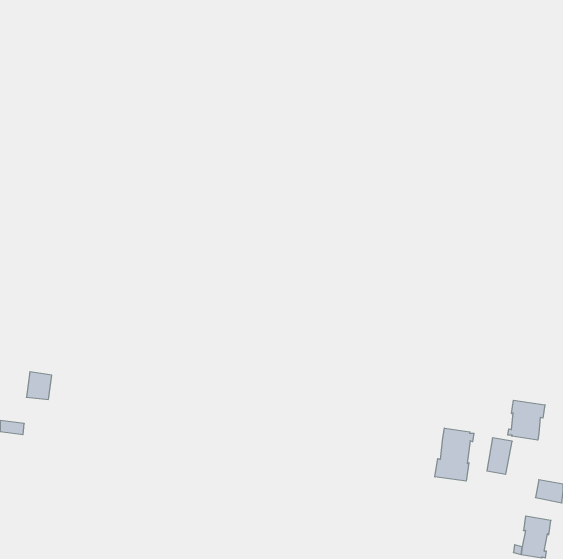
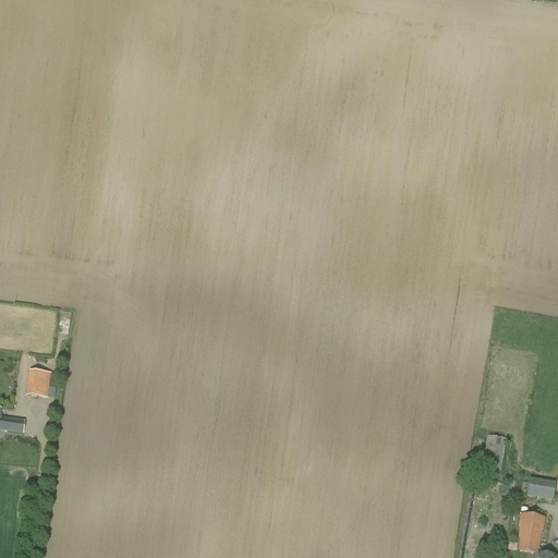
building: [508,400,545,440] -> none
building: [435,428,474,481] -> none

